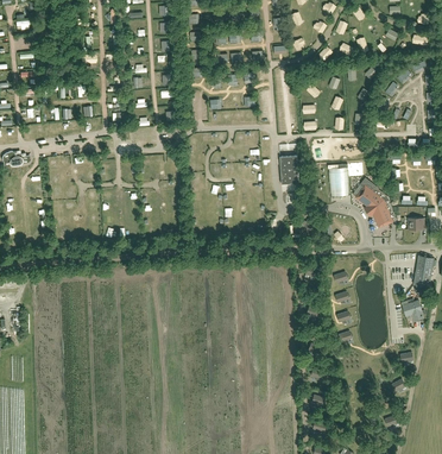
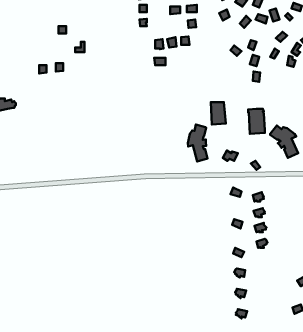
building: none -> [188,125,208,161]

